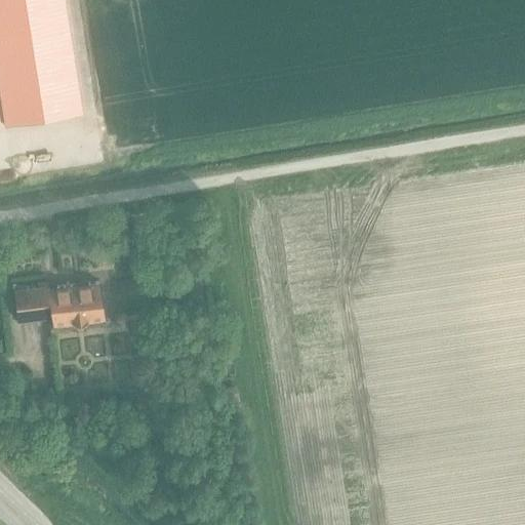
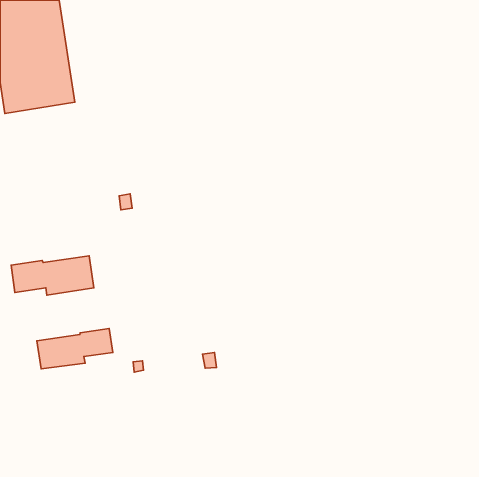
building: none -> [37,329,113,369]

